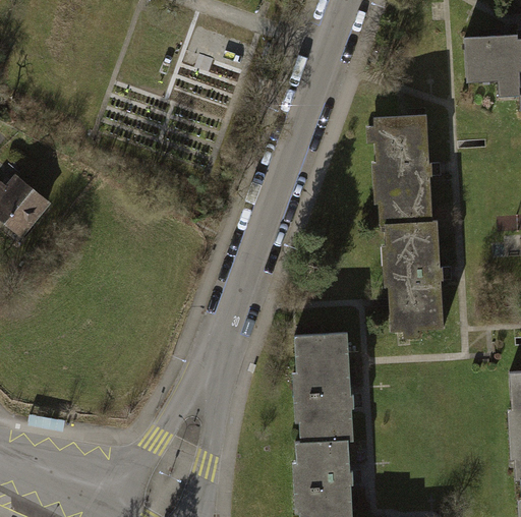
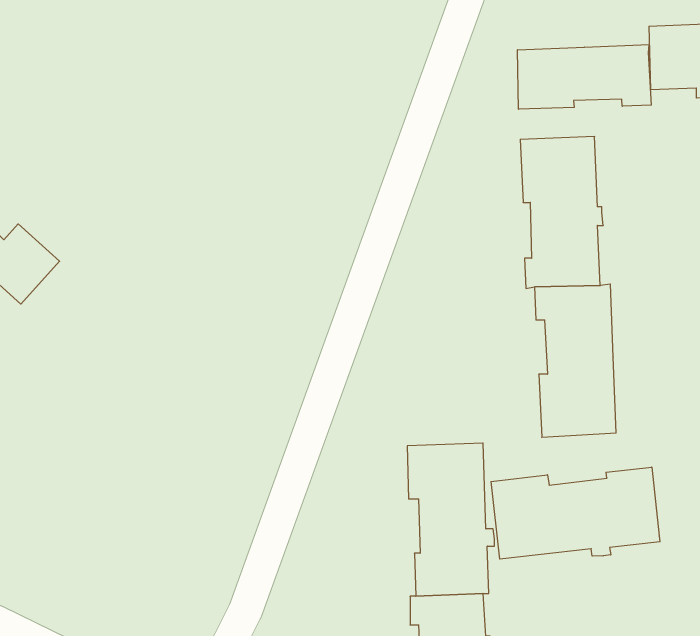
building: none -> [518,45,651,109]
building: none -> [491,467,660,559]

